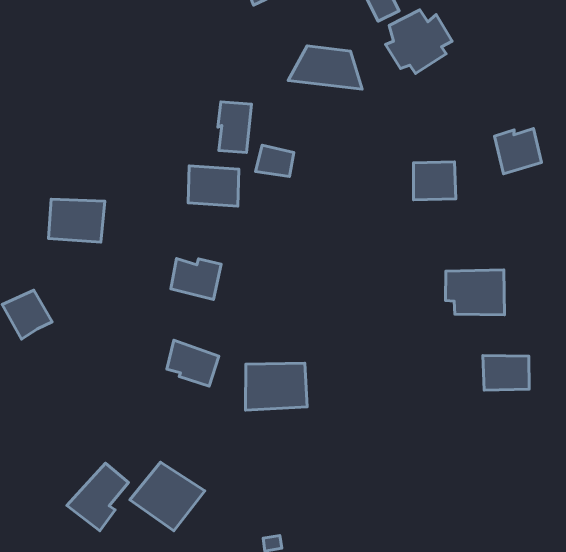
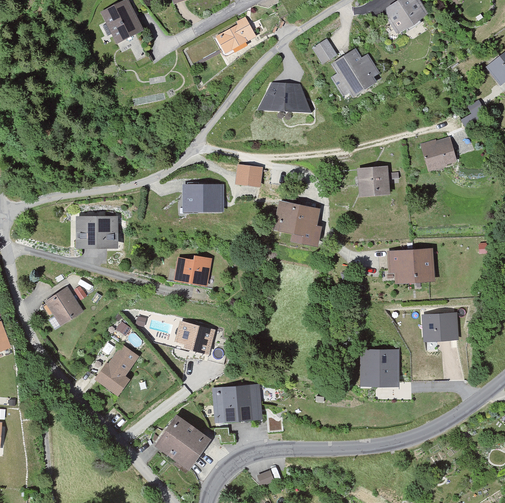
building: [218,102,252,152] -> none
building: none -> [272,201,323,247]
building: [245,363,307,410] -> [212,384,262,424]
building: none -> [360,350,399,387]
building: [67,463,128,531] -> [92,344,139,397]

